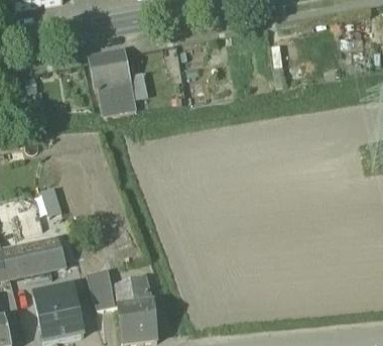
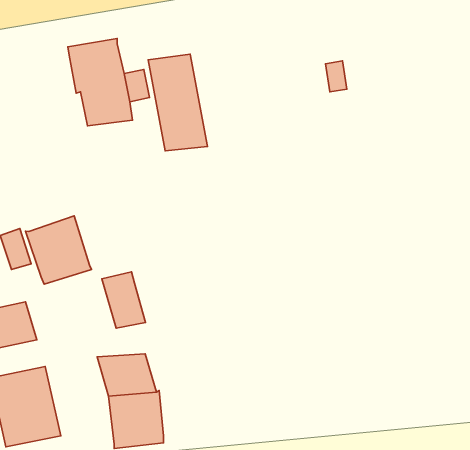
building: none -> [148,54,208,151]
building: none -> [26,216,91,284]
building: [87,267,118,308] -> [102,272,146,328]

